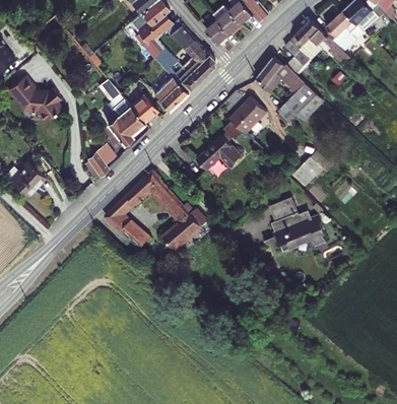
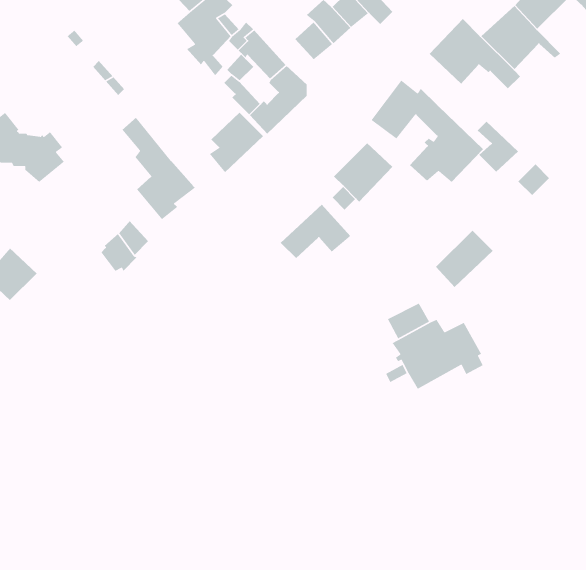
building: [284,41,311,73] -> [477,121,519,172]
building: [129,95,157,124] -> none
building: [105,170,208,249] -> none

